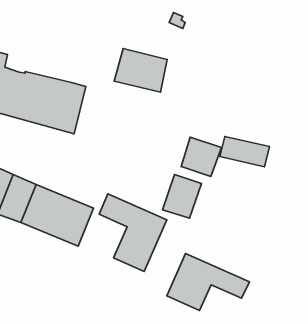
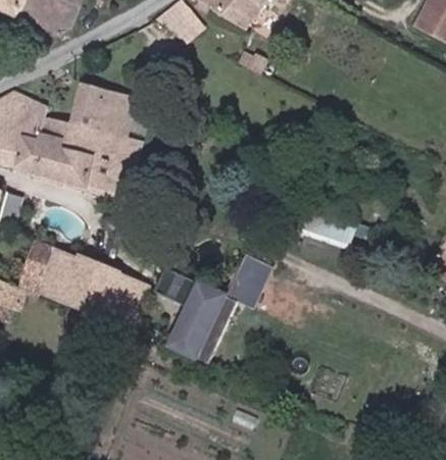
building: [114,48,167,92] -> [67,82,132,135]
building: [181,137,221,177] -> none
building: [167,253,249,310] -> none

